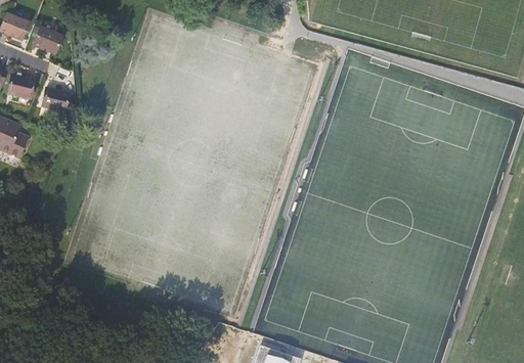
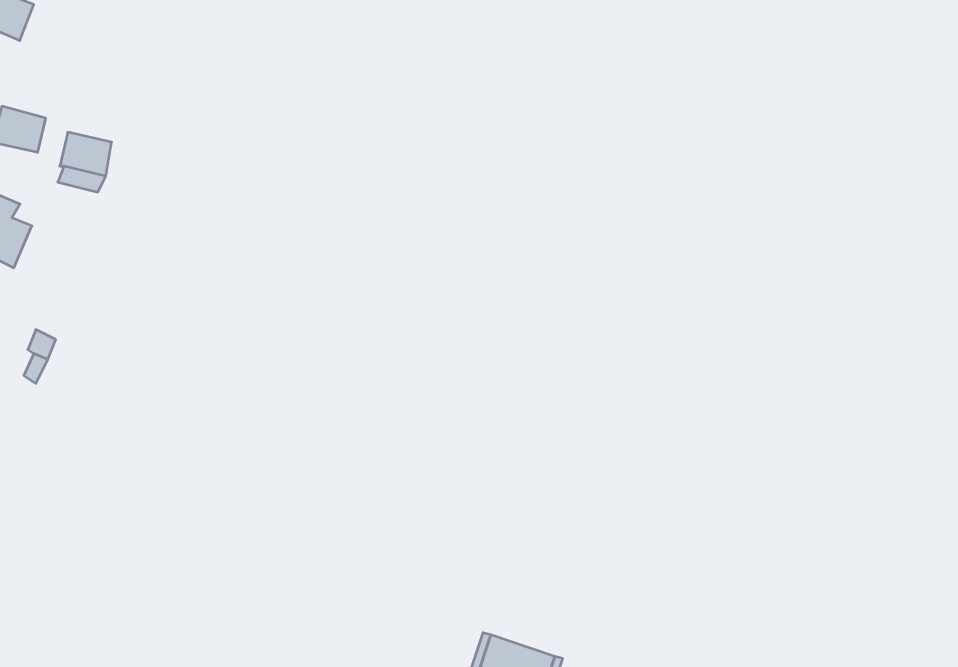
building: [34,28,62,53] -> none

